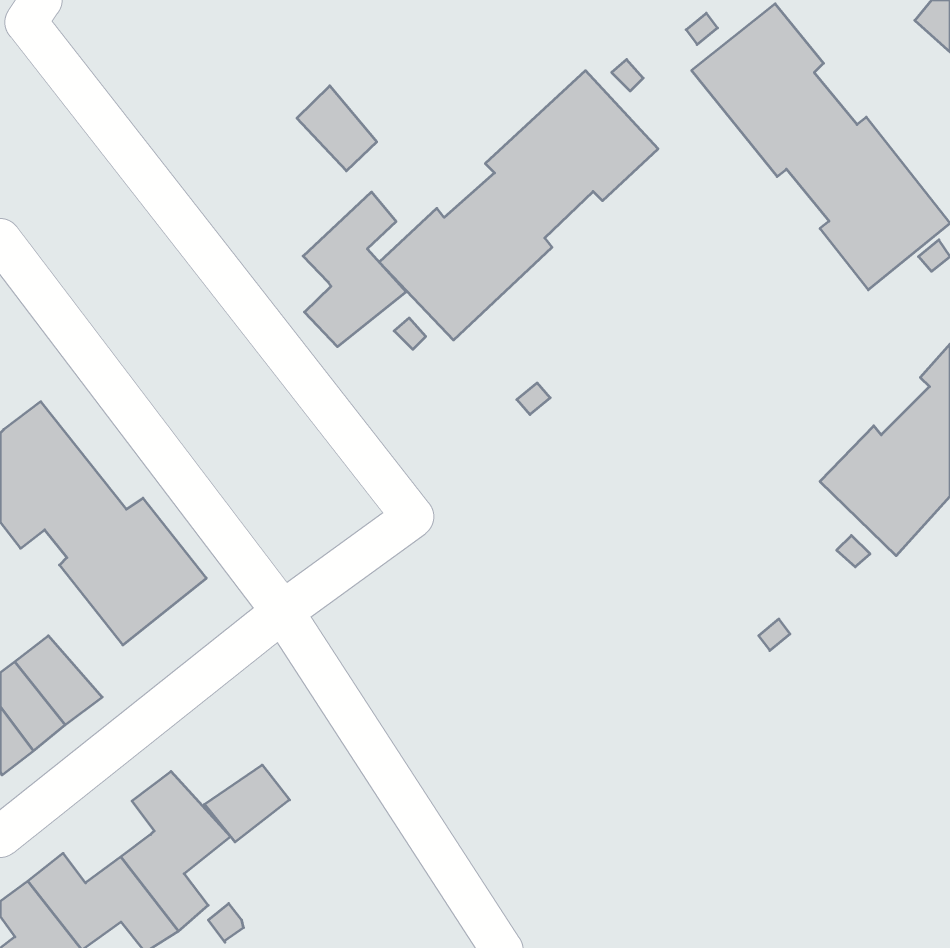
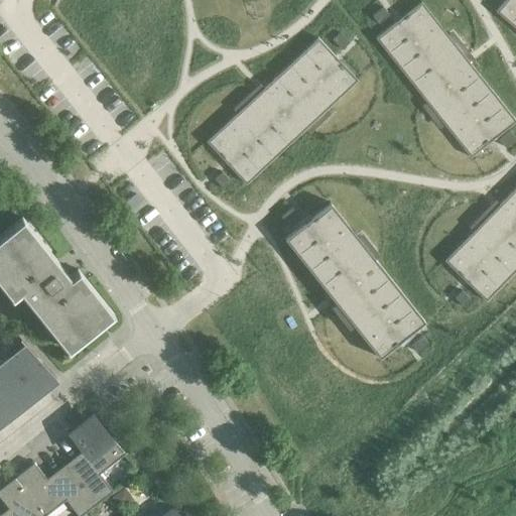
building: [297,86,377,171] -> none
building: [303,192,406,347] -> none
building: none -> [284,204,424,359]
building: [204,765,290,842] -> none

